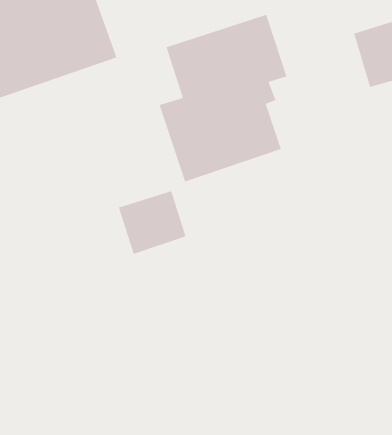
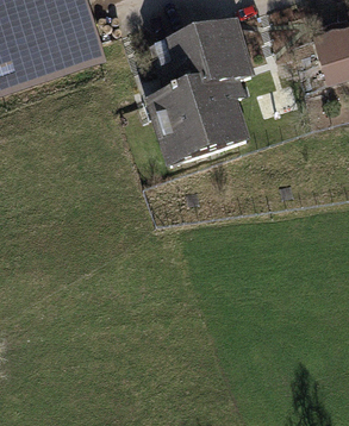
building: [118,190,187,255] -> none

